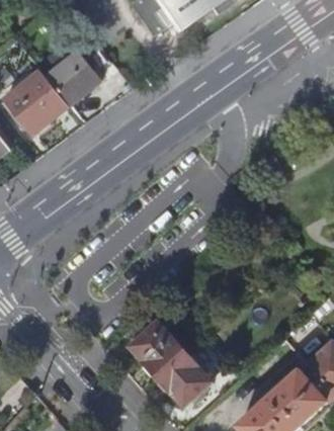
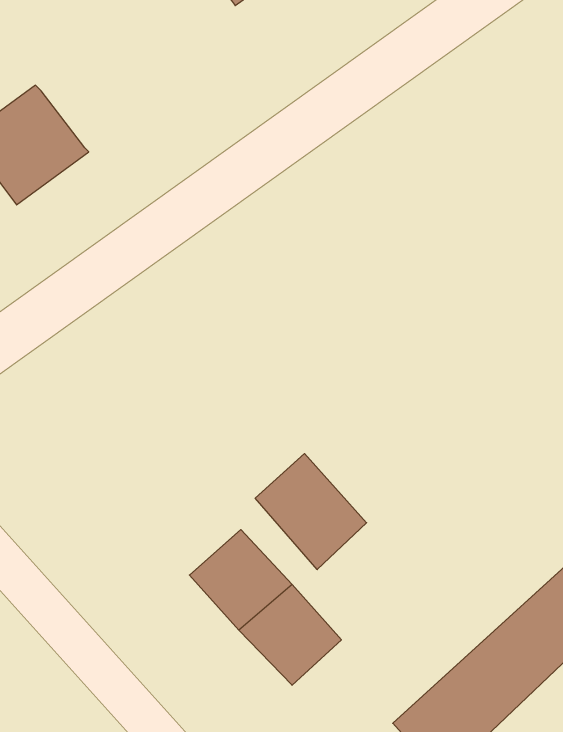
building: [49,59,105,113] -> none
building: none -> [255,454,367,570]

